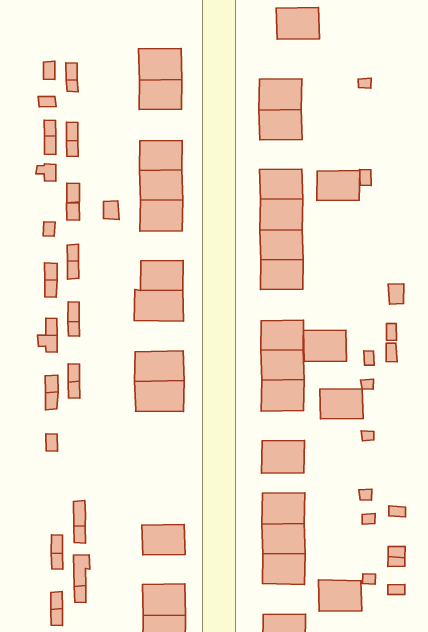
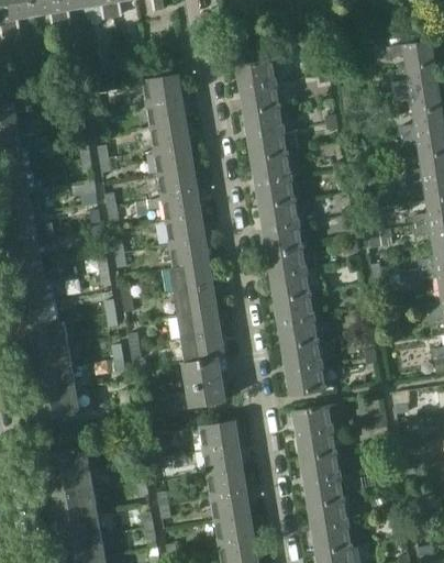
building: [276,8,319,39] -> [238,59,276,89]
building: none -> [153,122,190,152]
building: [317,171,360,201] -> [251,131,287,159]
building: none -> [168,217,206,245]
building: none -> [175,287,217,317]
building: [303,330,347,362] -> [269,247,307,277]
building: [320,389,363,419] -> [285,342,322,371]
building: none -> [156,356,227,412]
building: none -> [202,421,238,451]
building: none -> [210,468,246,497]
building: [319,580,362,611] -> [307,477,344,506]

